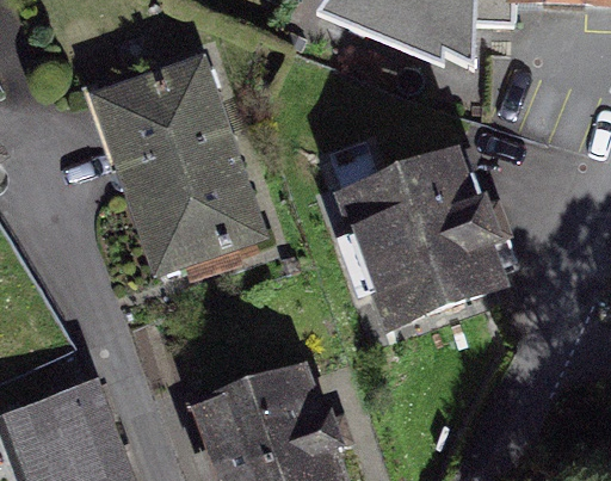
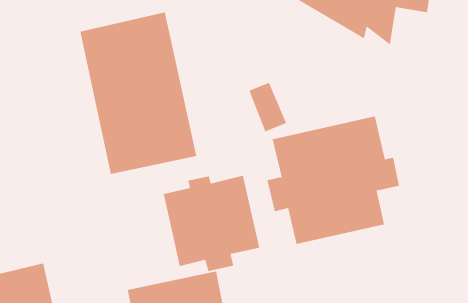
building: none -> [163,175,260,272]

